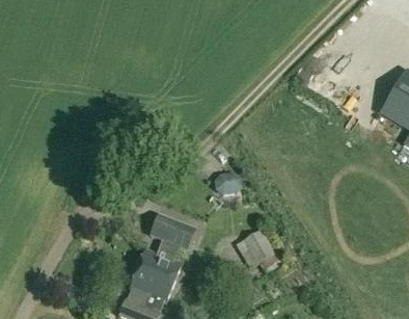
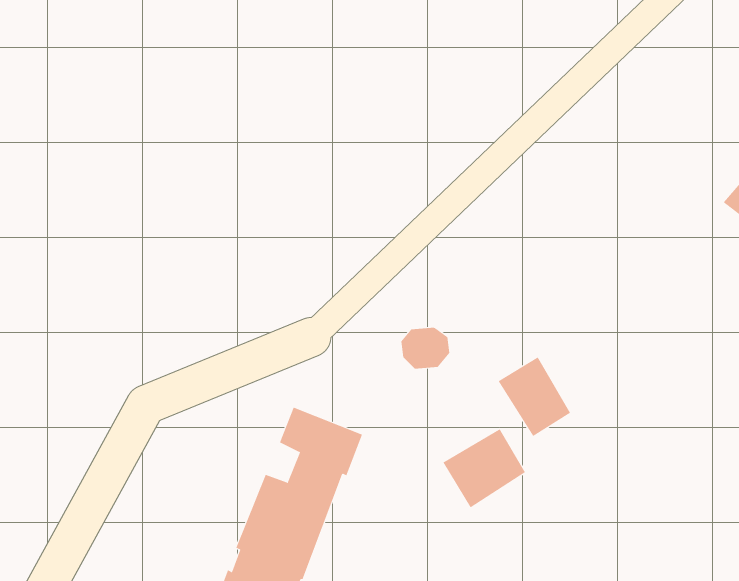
building: none -> [498,356,571,437]

